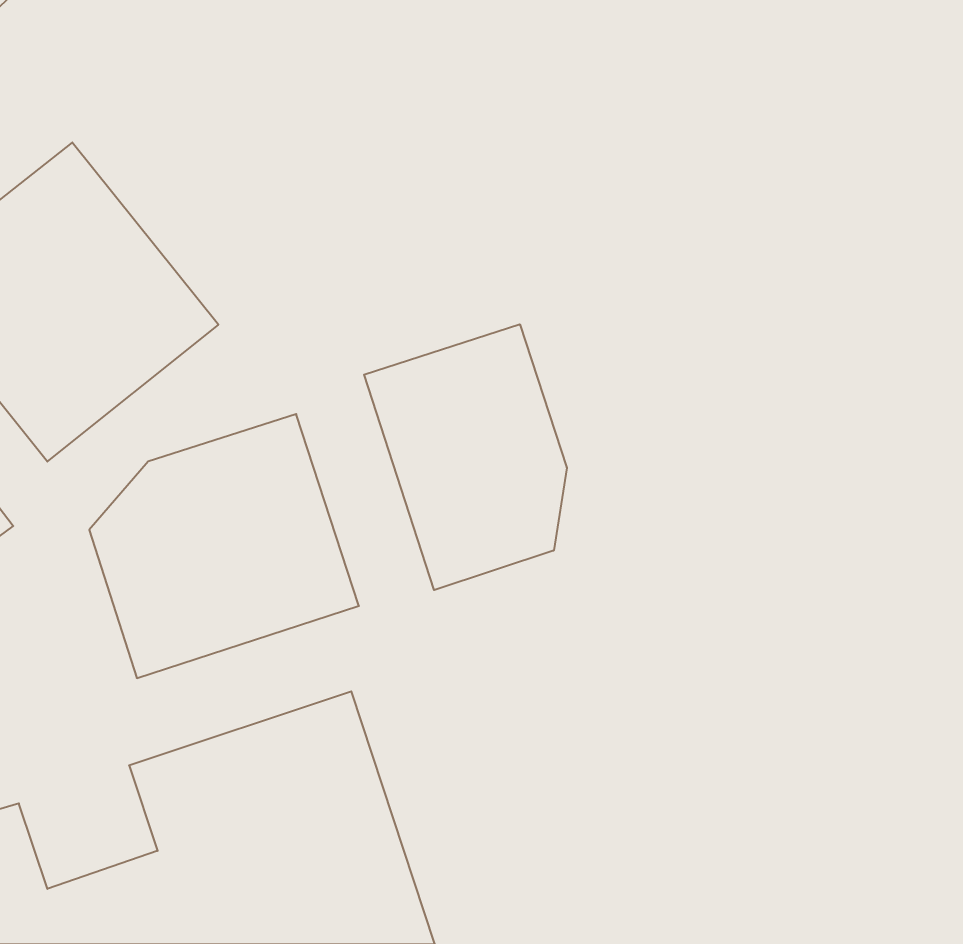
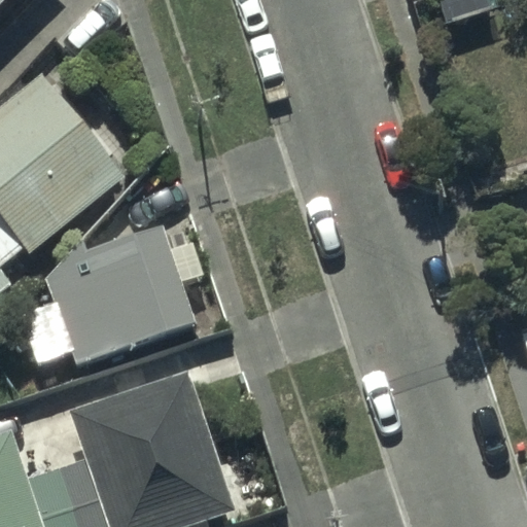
building: [364,324,567,590] -> none

